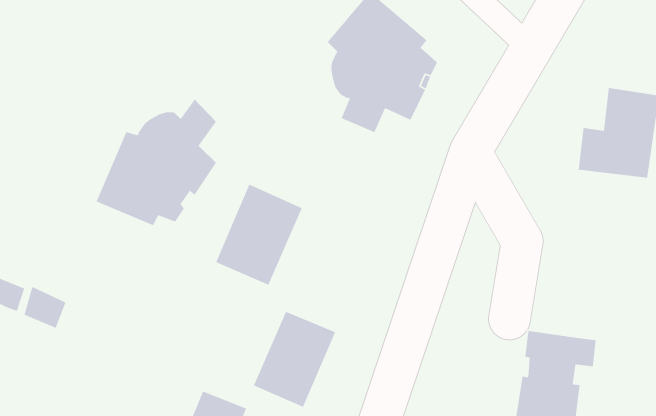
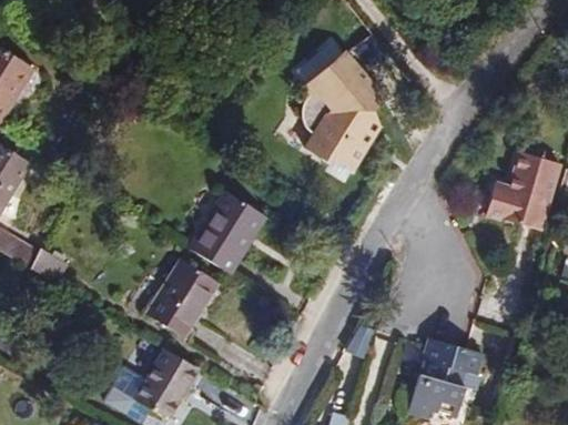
building: [95,98,217,226] -> none
building: [253,311,336,408] -> [145,260,217,338]

